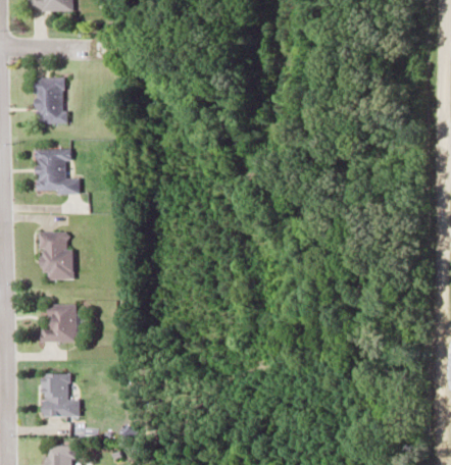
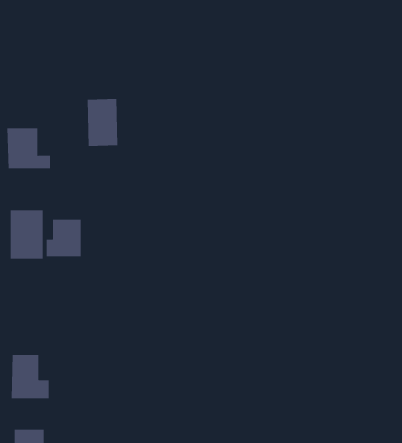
building: [36,76,66,123] -> [87,98,118,147]
building: [41,304,76,341] -> [46,219,82,257]

